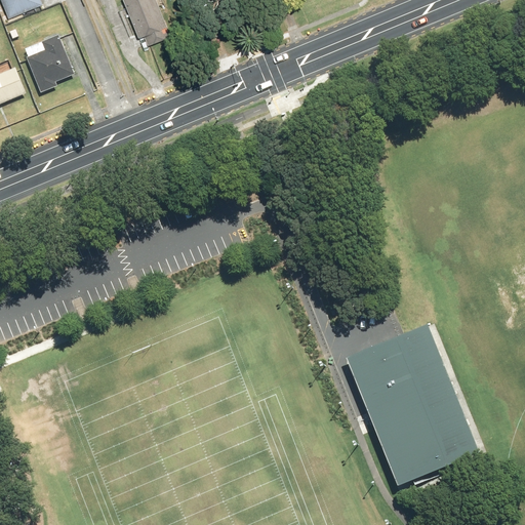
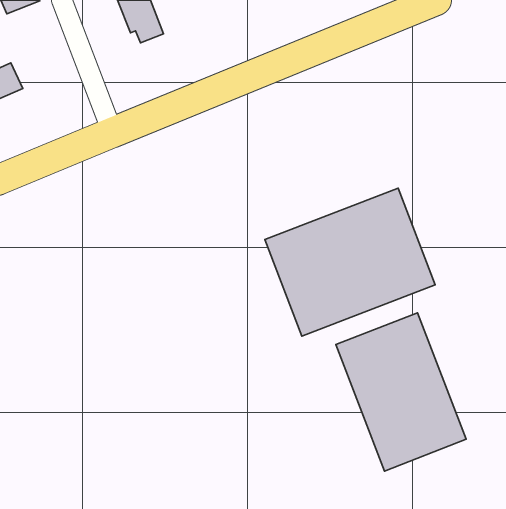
building: [25,32,73,89] -> none
building: none -> [265,188,435,336]

